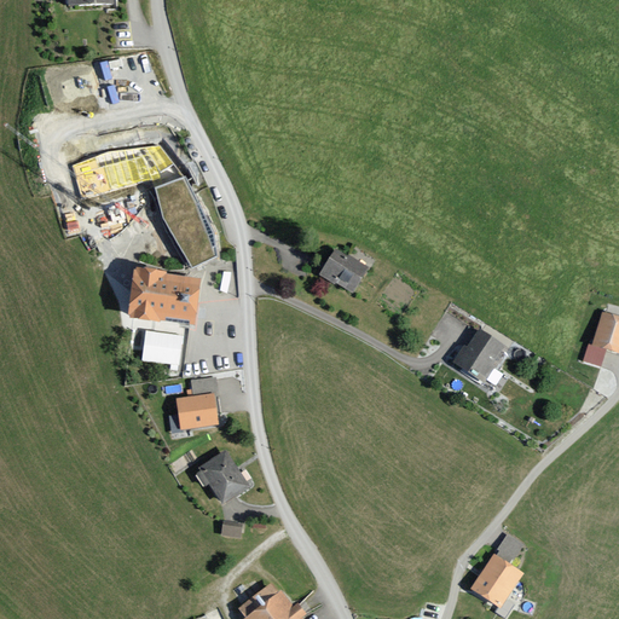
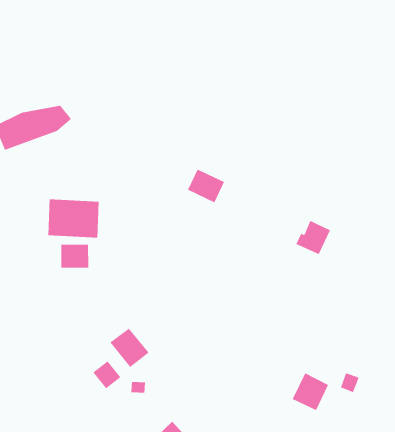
building: [154,175,218,270] -> none
building: [177,392,220,430] -> none
building: none -> [92,360,121,389]
building: [469,553,520,604] -> [292,372,329,411]

